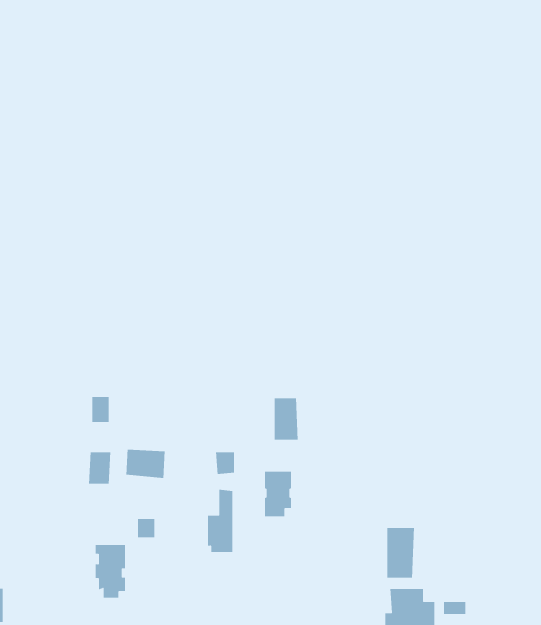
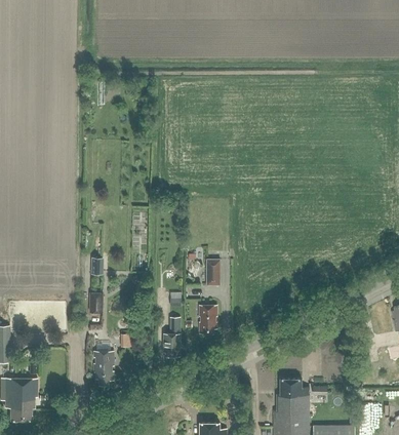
building: [126,449,165,479] -> none
building: [387,527,414,578] -> none

